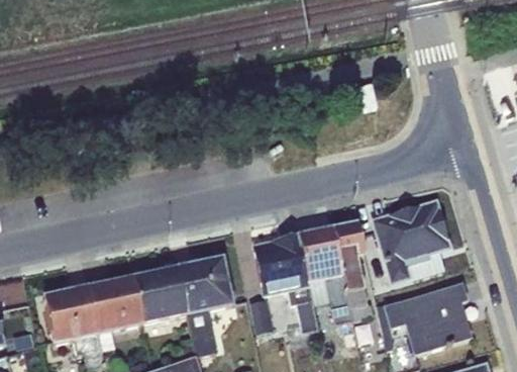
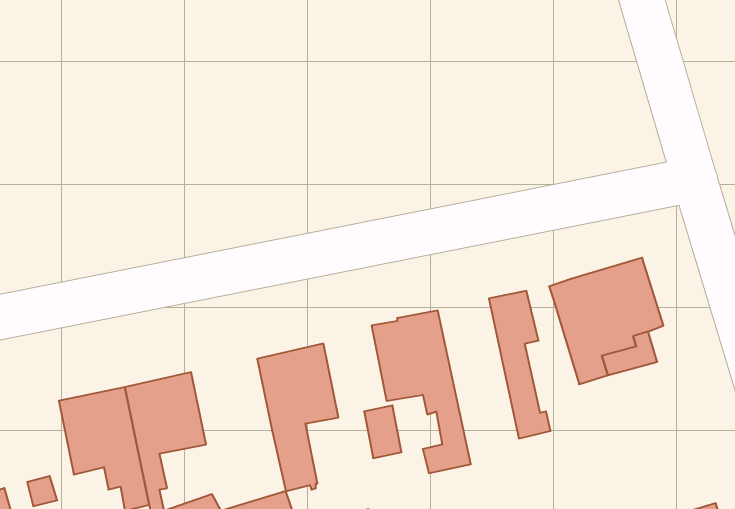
building: [298,226,352,324] -> none
building: [132,267,187,324] -> none
building: [378,282,470,354] -> none

